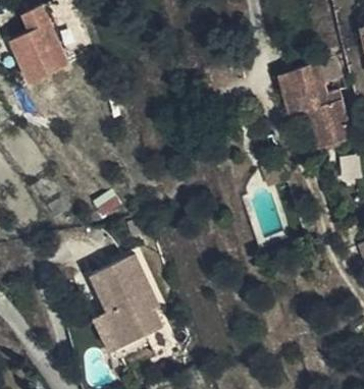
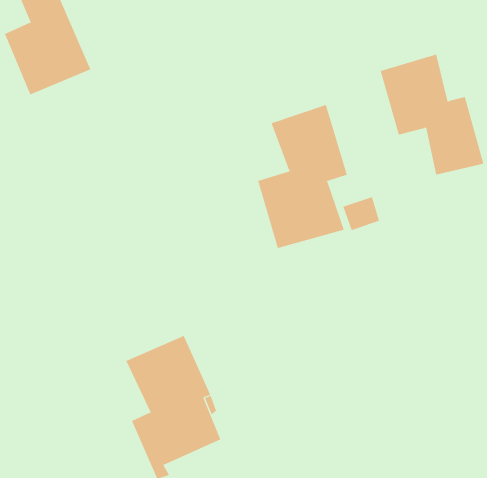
building: none -> [258,104,347,249]

